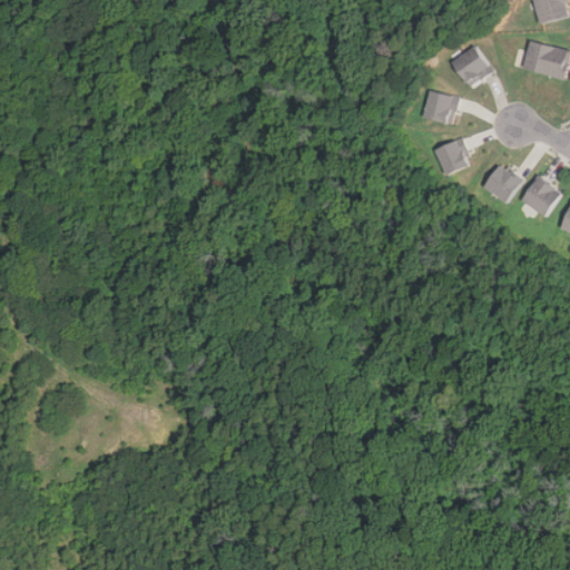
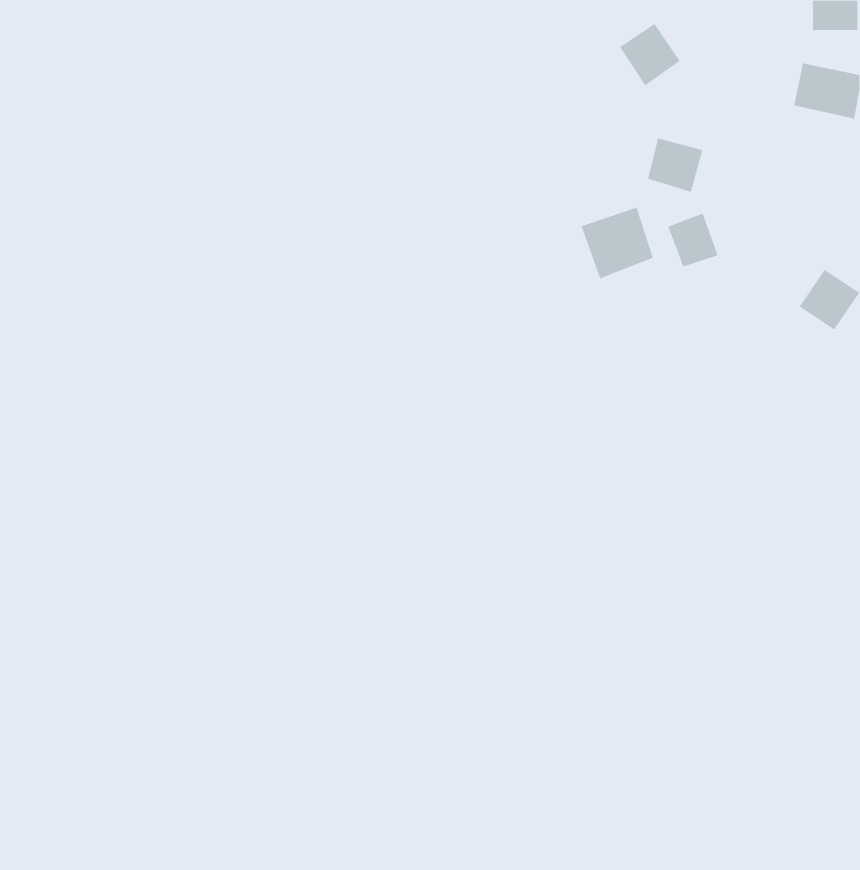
building: [448,46,488,87] -> [619,23,680,86]
building: none -> [581,207,654,279]
building: [485,163,524,204] -> none

